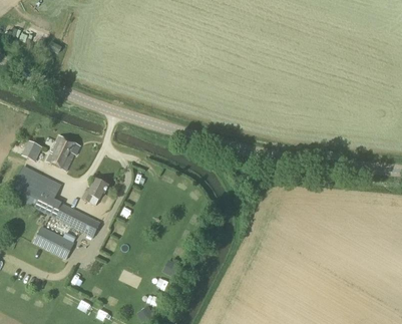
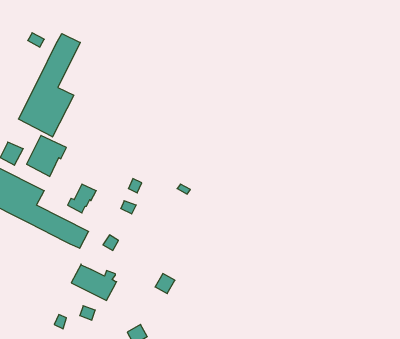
building: none -> [18,34,80,137]
building: [34,226,75,259] -> [71,264,117,300]

